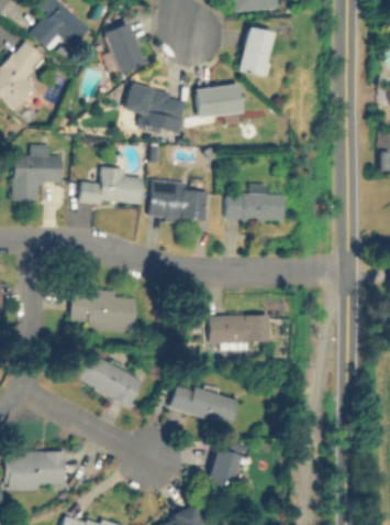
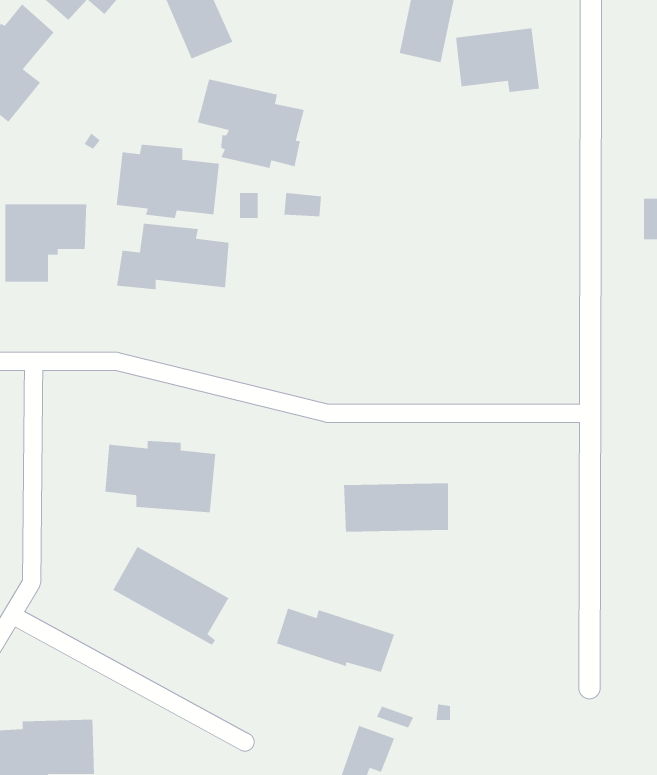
building: [196,84,244,121] -> [455,28,540,93]
building: [148,181,208,223] -> [116,144,220,219]
building: [226,185,283,223] -> none

